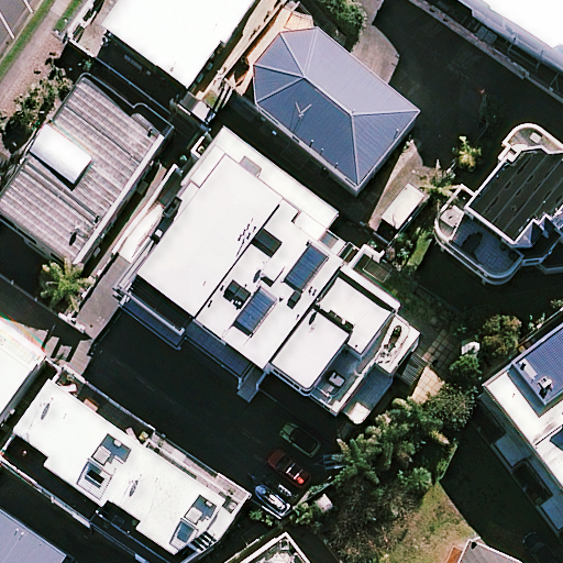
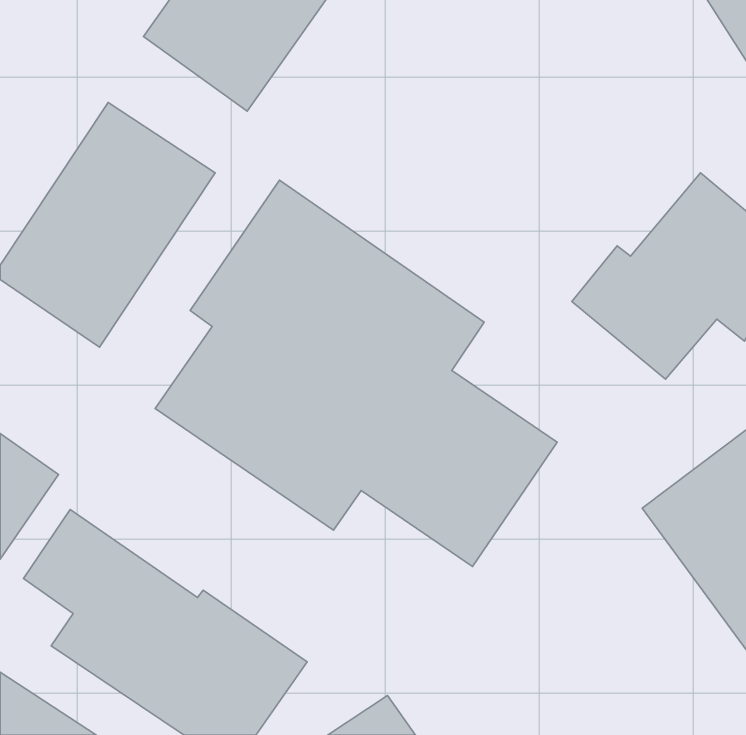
building: [241,19,419,189] -> none

